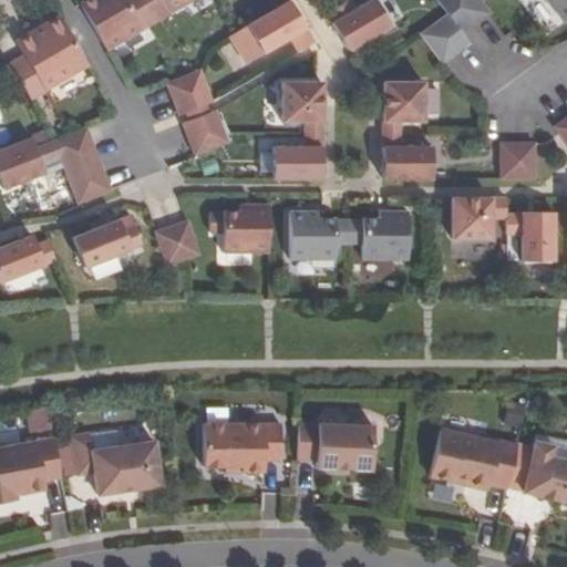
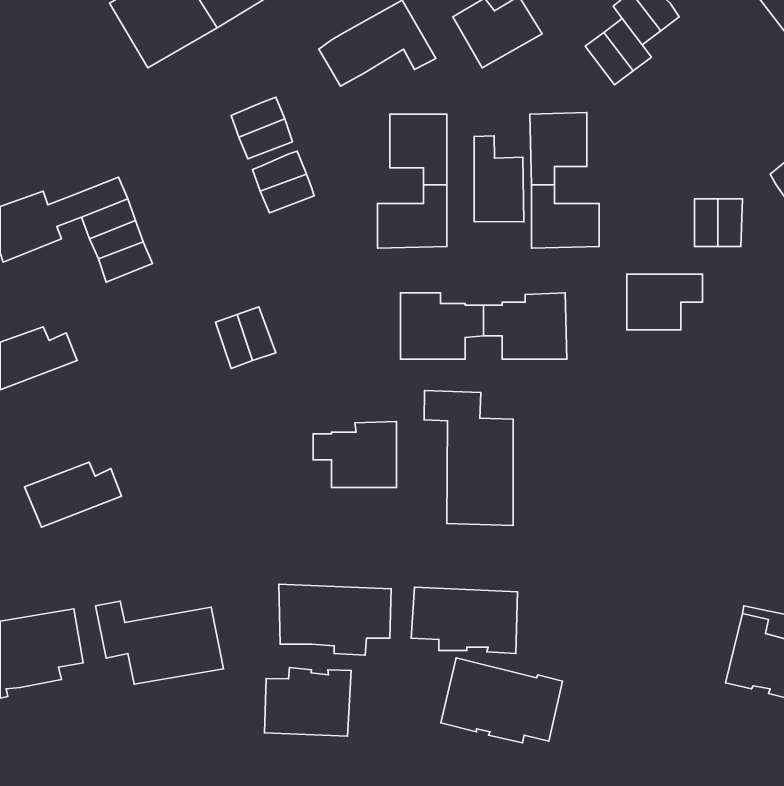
building: [11,14,90,97] -> none
building: none -> [474,136,524,222]
building: [210,204,270,251] -> [313,421,396,488]
building: [507,212,555,260] -> none
building: [73,219,143,266] -> [24,462,121,527]
building: none -> [424,390,513,525]
building: [431,427,518,488] -> [441,658,563,743]
building: none -> [265,667,351,736]

